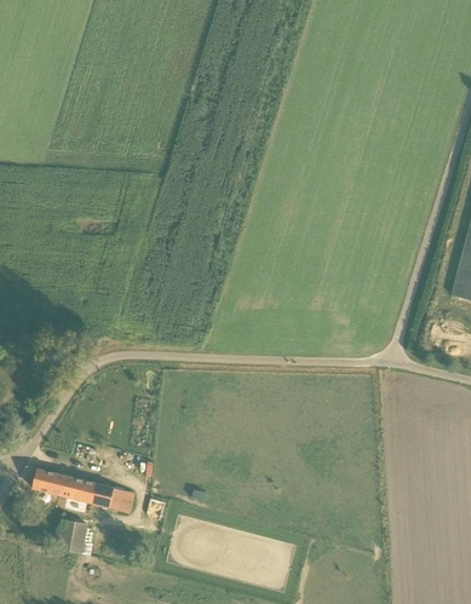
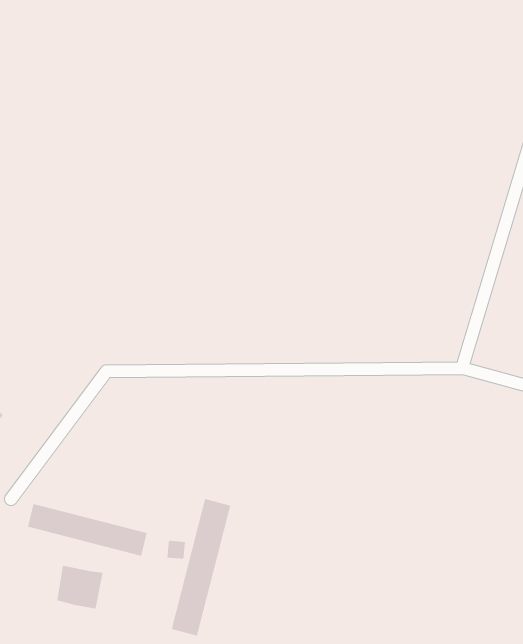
building: none -> [171,498,231,637]

